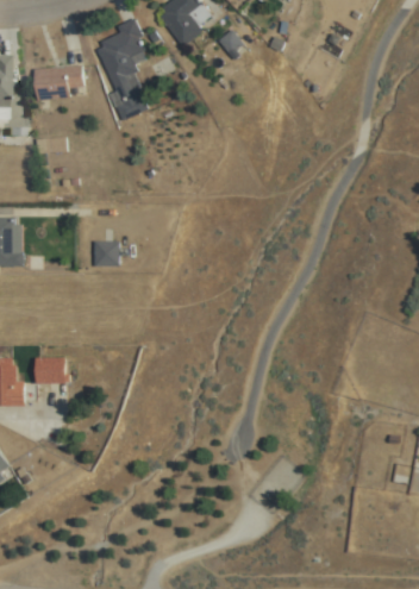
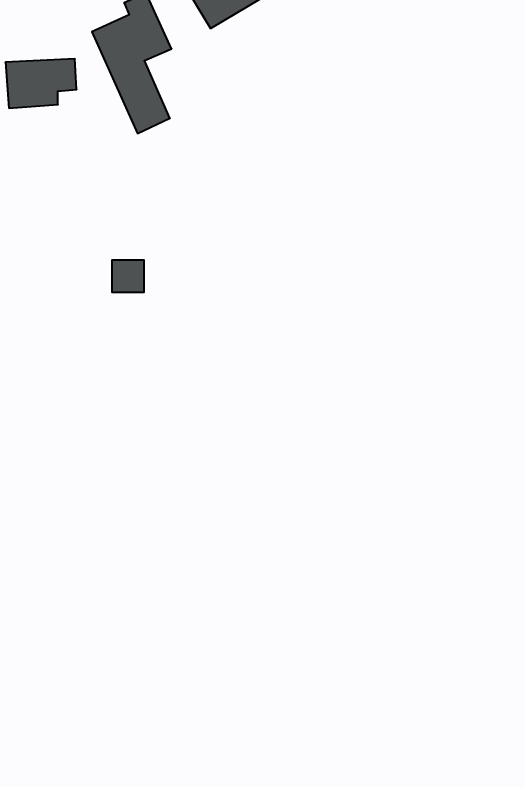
building: [96,243,119,265] -> [112,260,144,292]
building: [36,357,67,383] -> none

